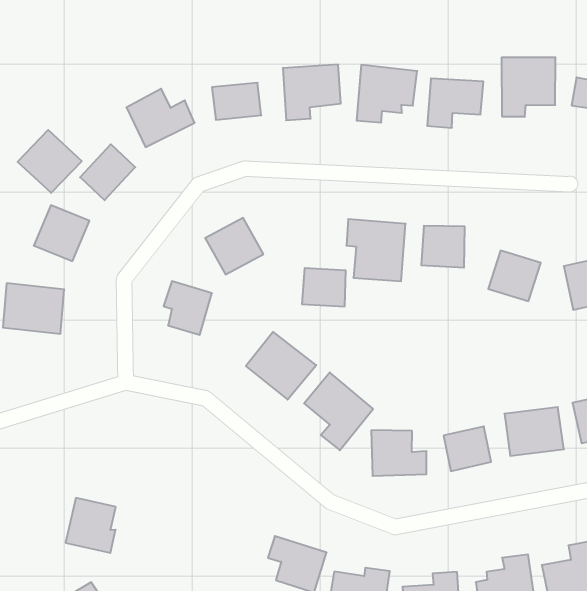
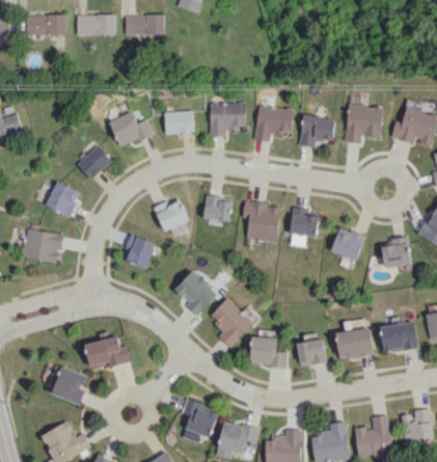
building: [18,130,82,193] -> none
building: [302,268,346,306] -> [203,195,233,221]
building: none -> [85,335,132,368]

